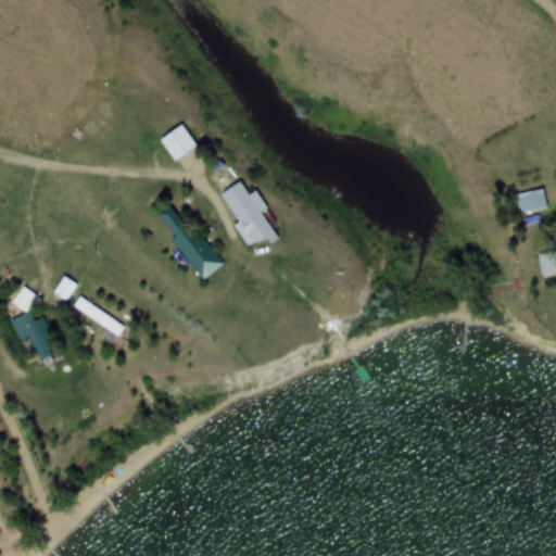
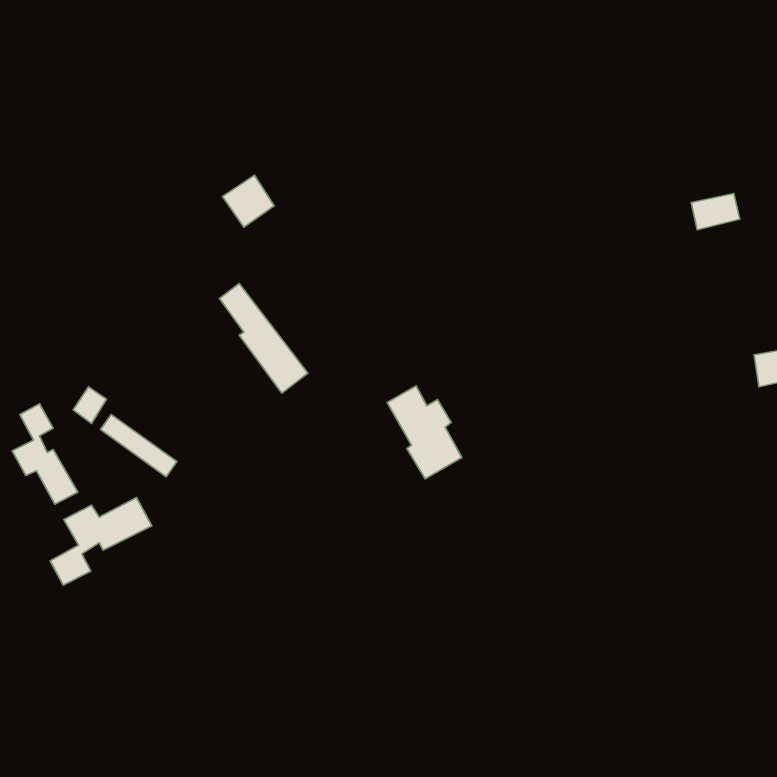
building: [220,180,274,247] -> [387,386,462,479]
building: [513,188,547,214] -> [691,193,740,230]
building: none -> [50,497,152,585]

